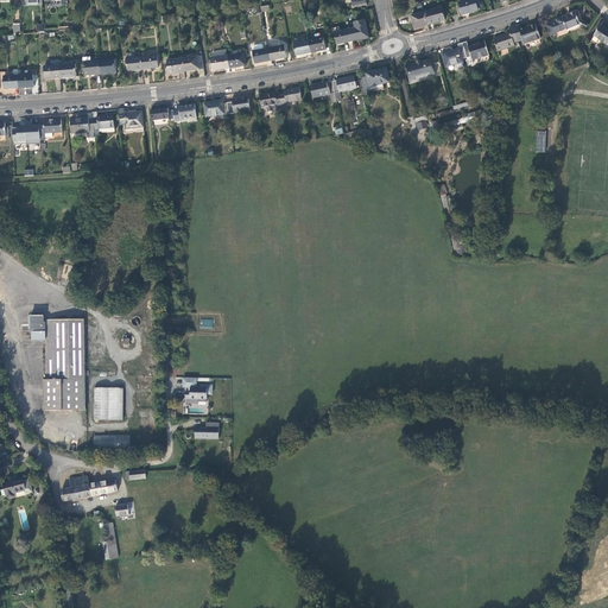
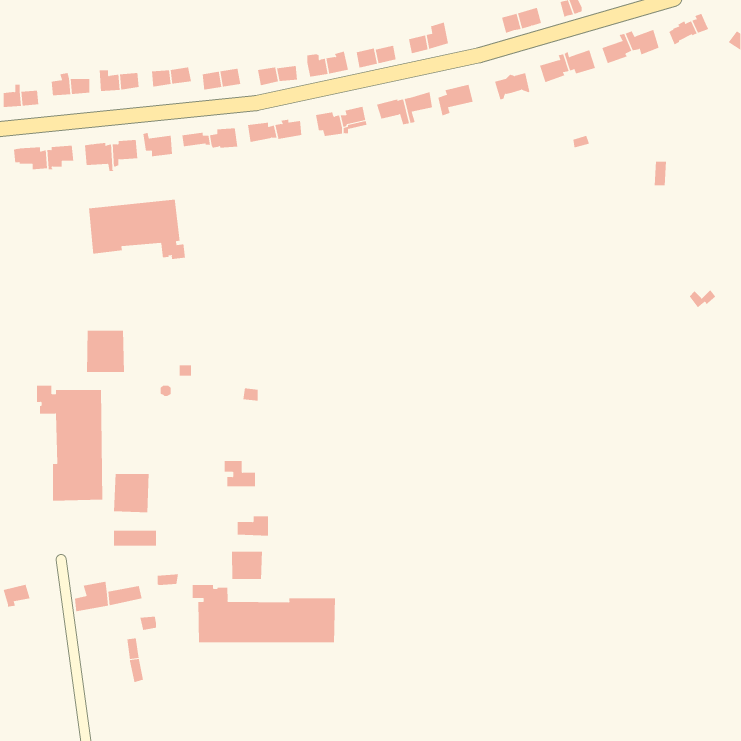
building: none -> [89,199,185,260]
building: none -> [86,330,124,373]
building: none -> [232,551,263,580]
building: none -> [192,584,335,643]

